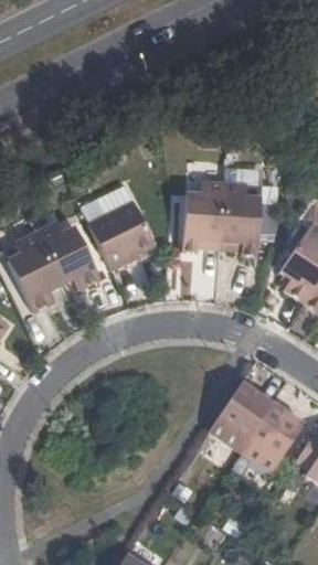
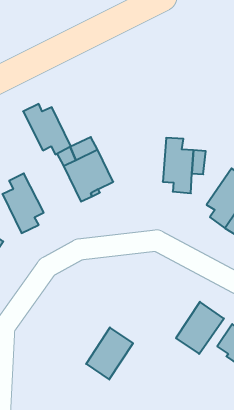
building: [183,183,225,254] -> none
building: [35,222,99,289] -> [23,104,71,154]
building: [208,382,271,451] -> [86,327,133,380]

